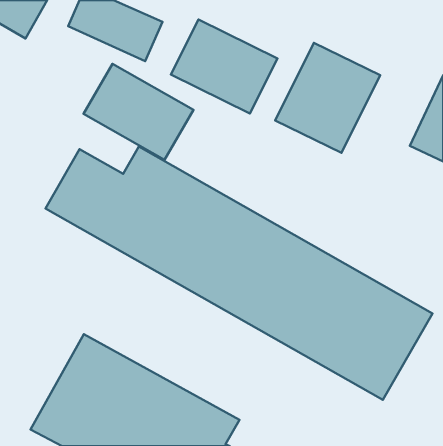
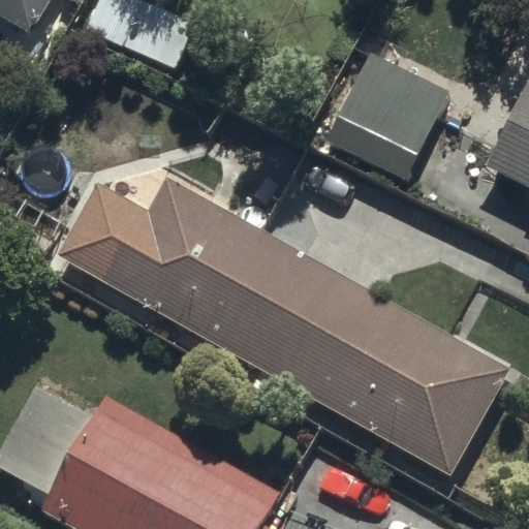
building: [171,20,278,114] -> none
building: [83,64,194,160] -> none

